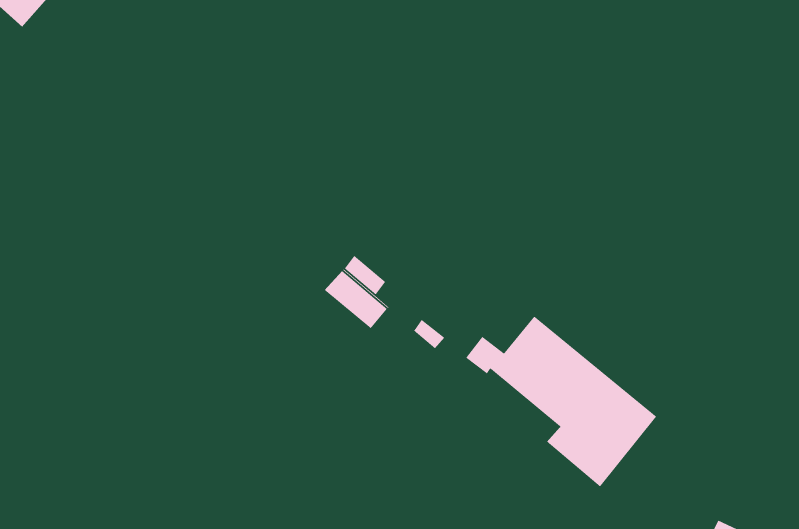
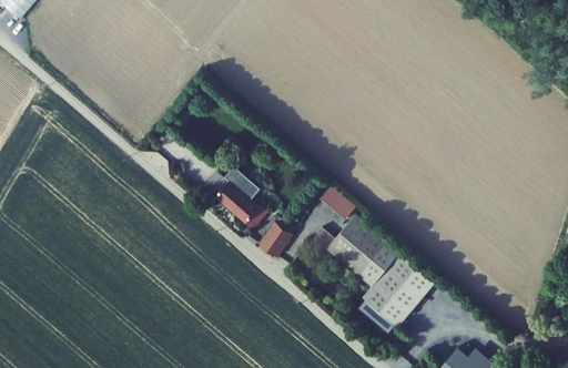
building: none -> [316,188,353,223]
building: none -> [258,223,288,254]

